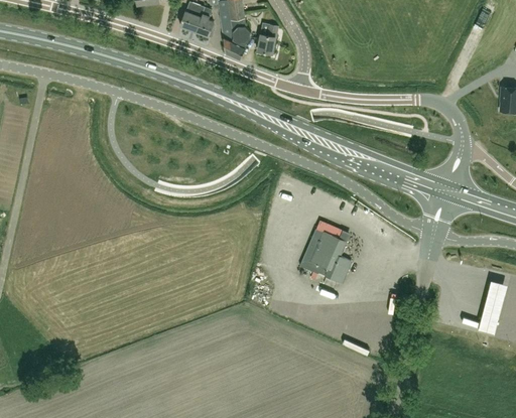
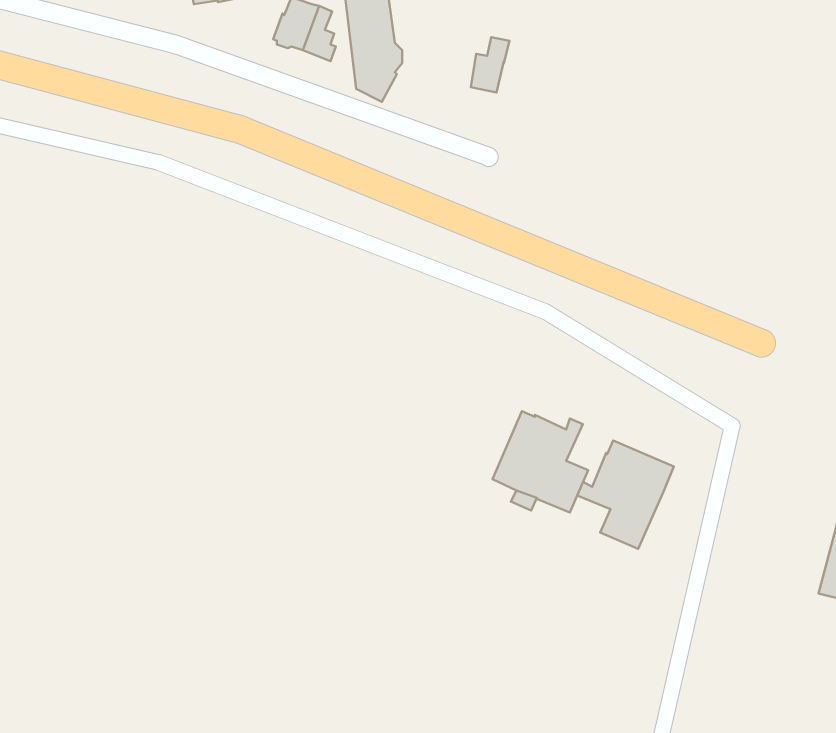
building: [258,23,279,53] -> [471,37,509,93]
building: none -> [577,440,674,549]

